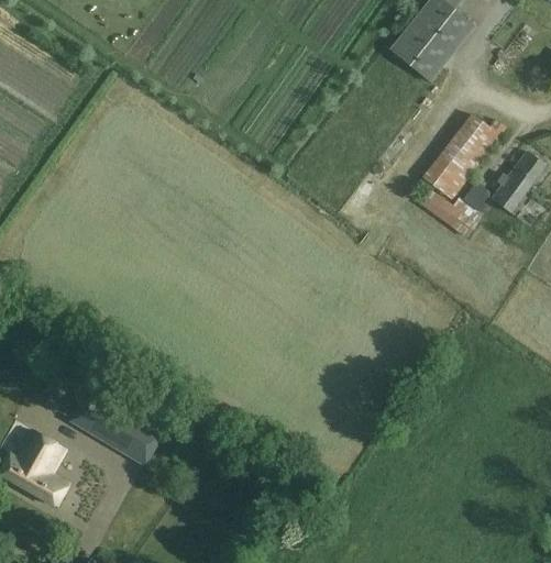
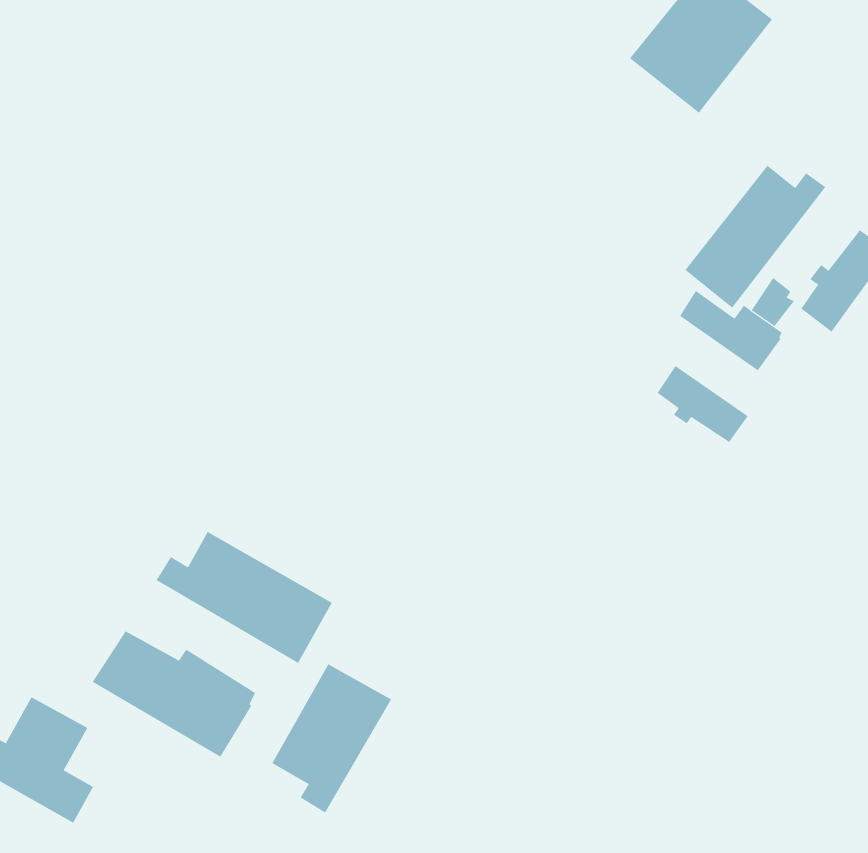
building: none -> [657,365,748,443]
building: none -> [156,531,333,664]
building: none -> [271,663,392,814]

